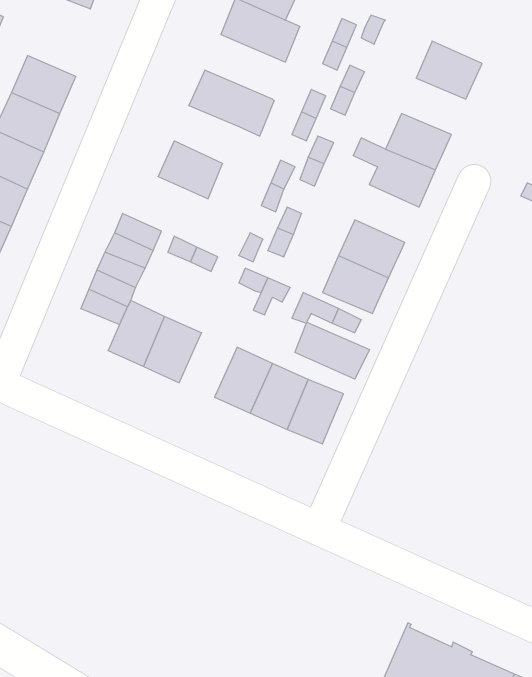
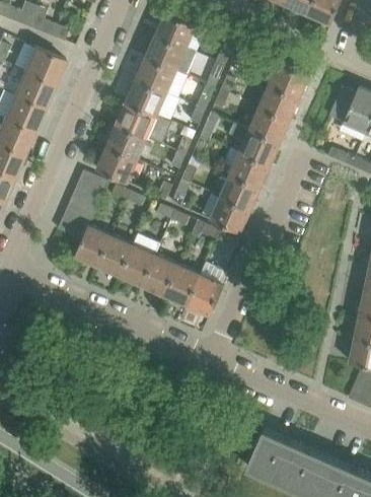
building: none -> [23,46,64,83]
building: none -> [135,57,187,97]
building: none -> [258,84,299,120]
building: none -> [116,101,156,138]
building: none -> [95,146,137,183]
building: none -> [229,151,270,188]
building: [295,322,369,379] -> none
building: none -> [119,244,155,285]

